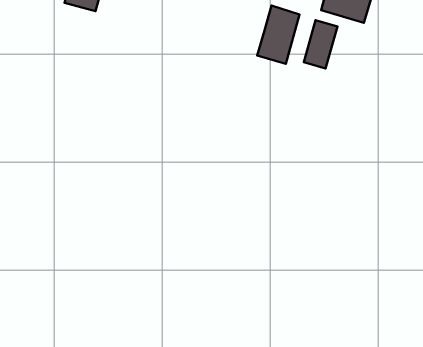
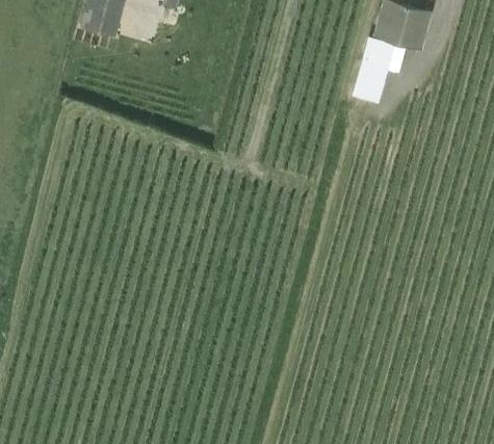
building: [257,5,299,64] -> none

